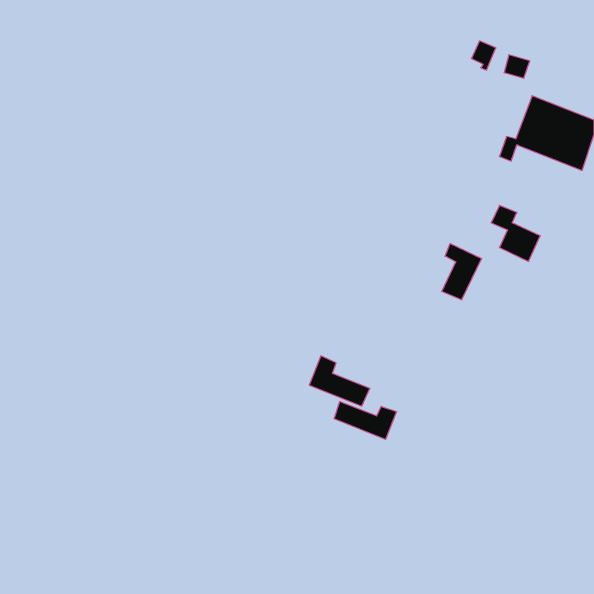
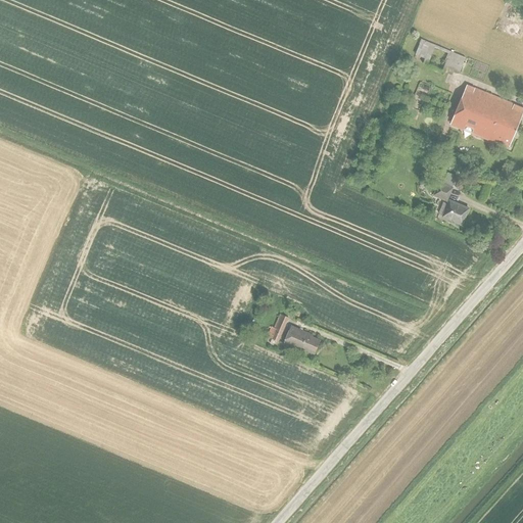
building: [442,244,481,300] -> none
building: [334,401,397,439] -> none

